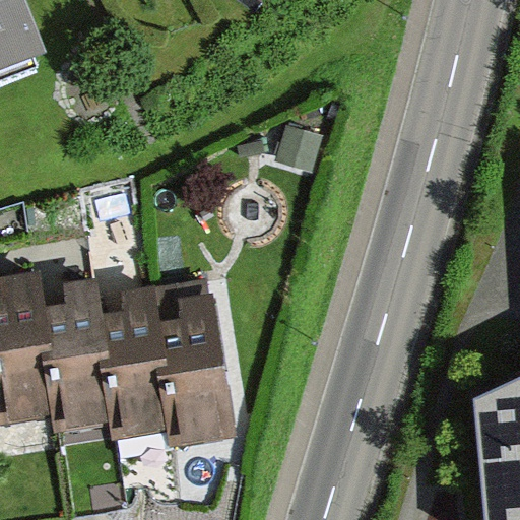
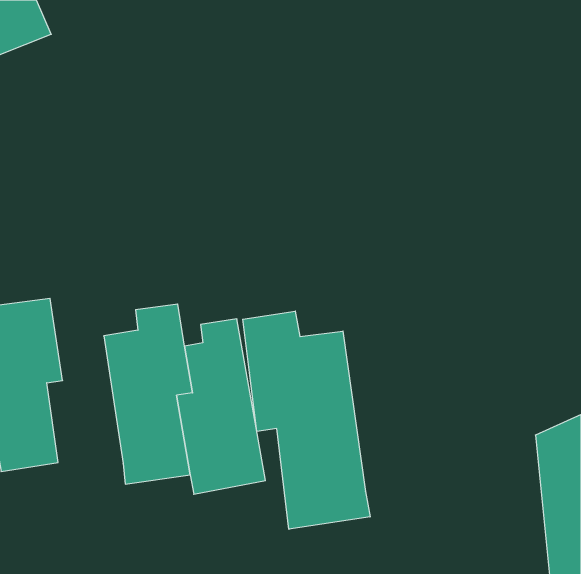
building: [42,281,110,429] -> none
building: none -> [243,311,370,529]

